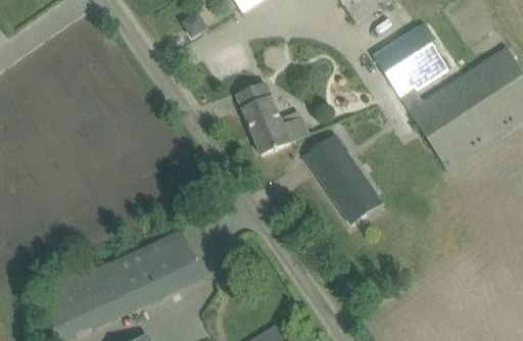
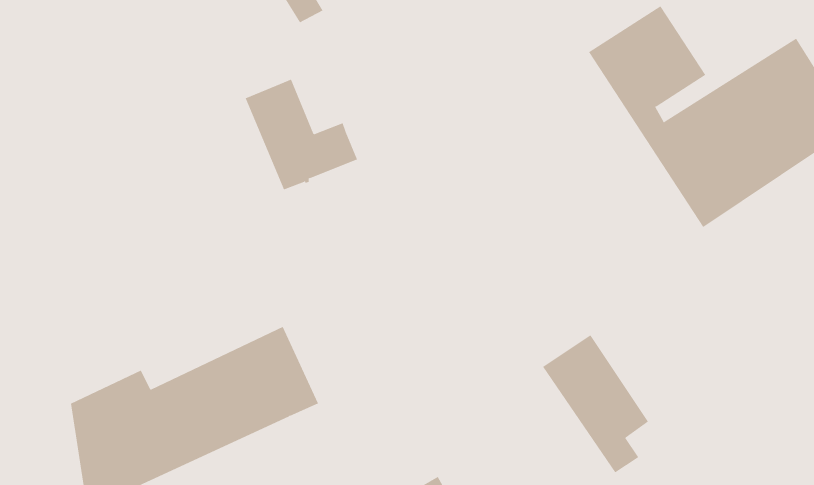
building: [236,84,307,154] -> [245,79,358,190]
building: [304,136,372,224] -> [542,335,649,473]

